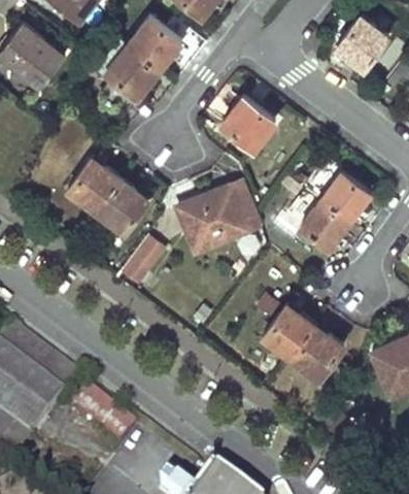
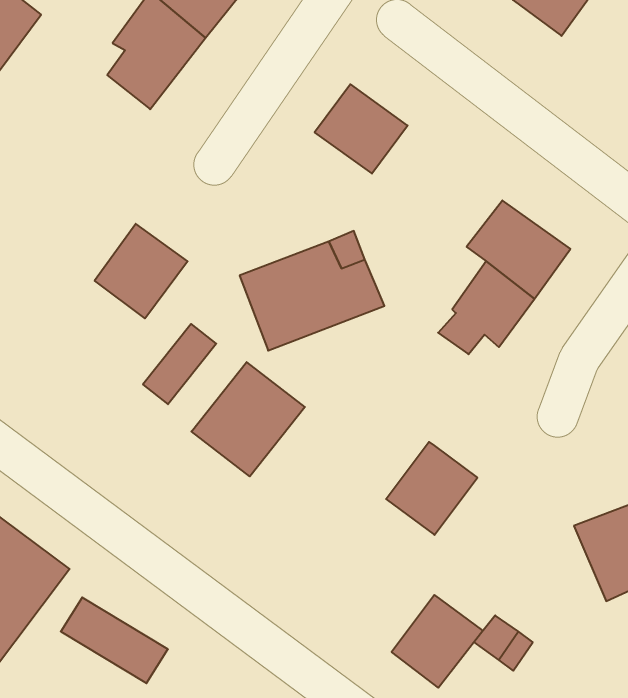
building: [69,159,118,210] -> none
building: none -> [191,362,305,476]
building: [291,324,343,377] -> [392,595,483,688]

